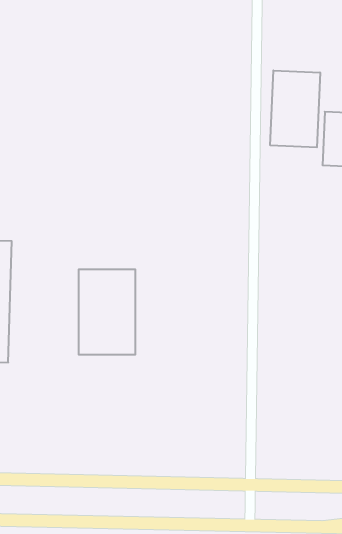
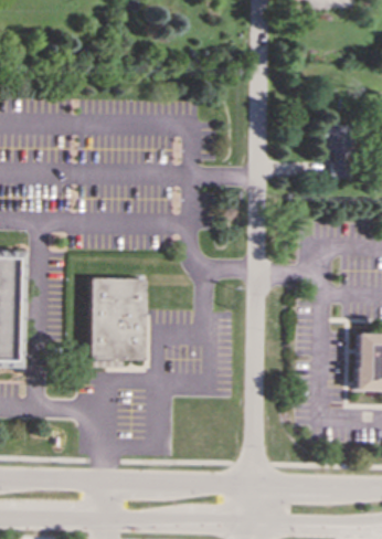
building: [270,70,320,147] -> none

